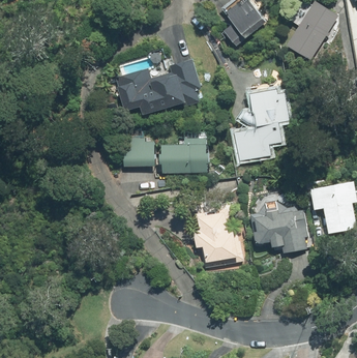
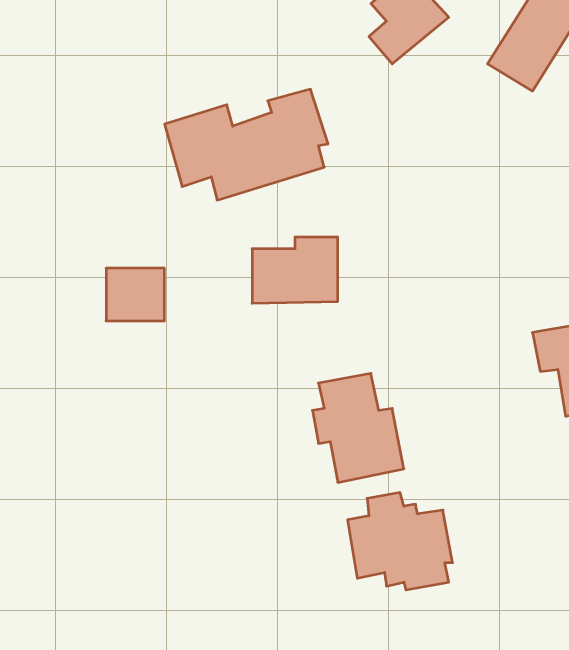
building: [233,90,289,161] -> none
building: [122,139,153,167] -> [106,268,164,321]
building: [250,200,306,251] -> [348,493,453,590]

